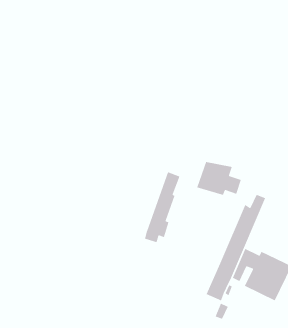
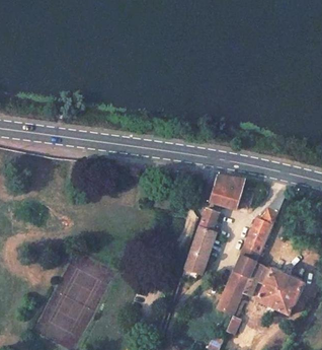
building: [144,171,181,243] -> [182,207,219,279]

